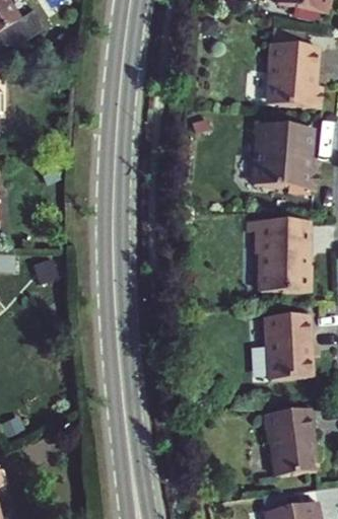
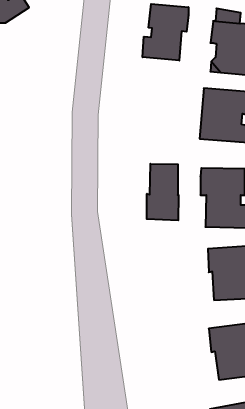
building: none -> [143,4,188,61]
building: none -> [147,164,179,220]

